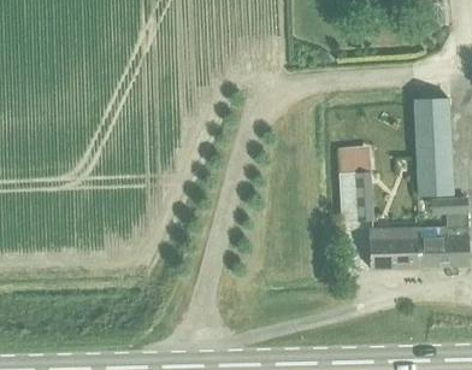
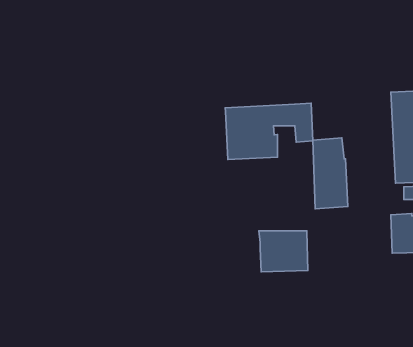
building: none -> [225,103,313,160]
building: [367,225,418,268] -> [259,231,308,272]

